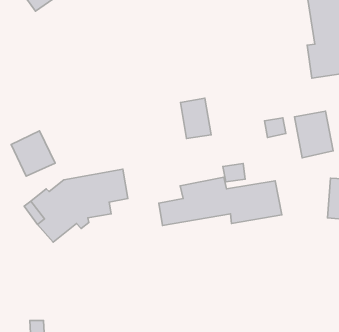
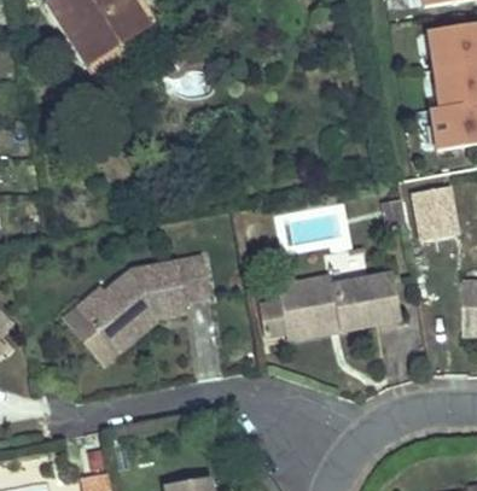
building: [181,98,211,138] -> none
building: [11,131,55,176] -> none

